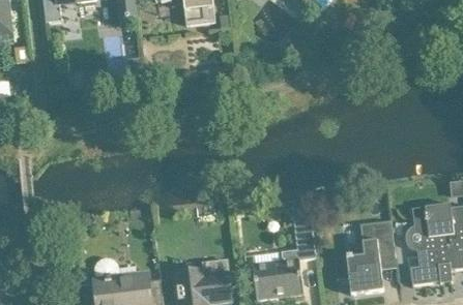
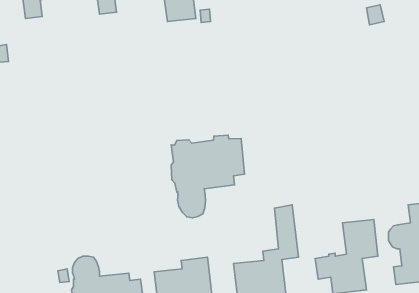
building: none -> [171,135,244,218]

